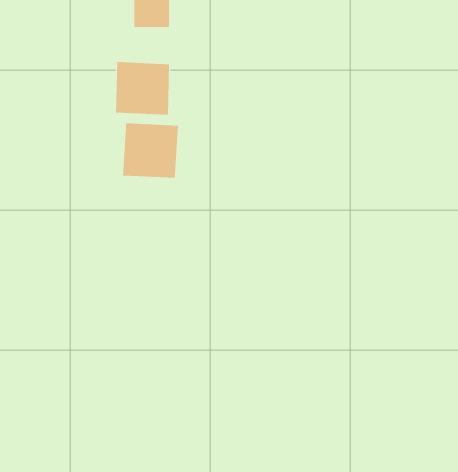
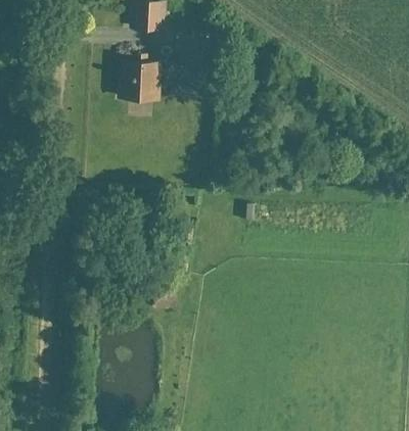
building: [122,123,179,178] -> none

